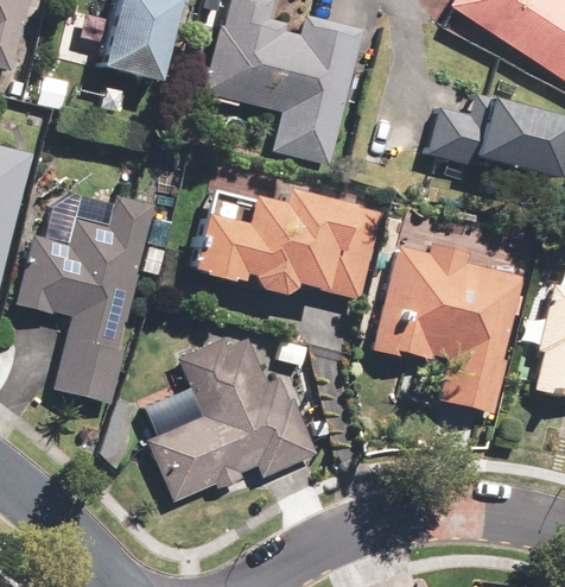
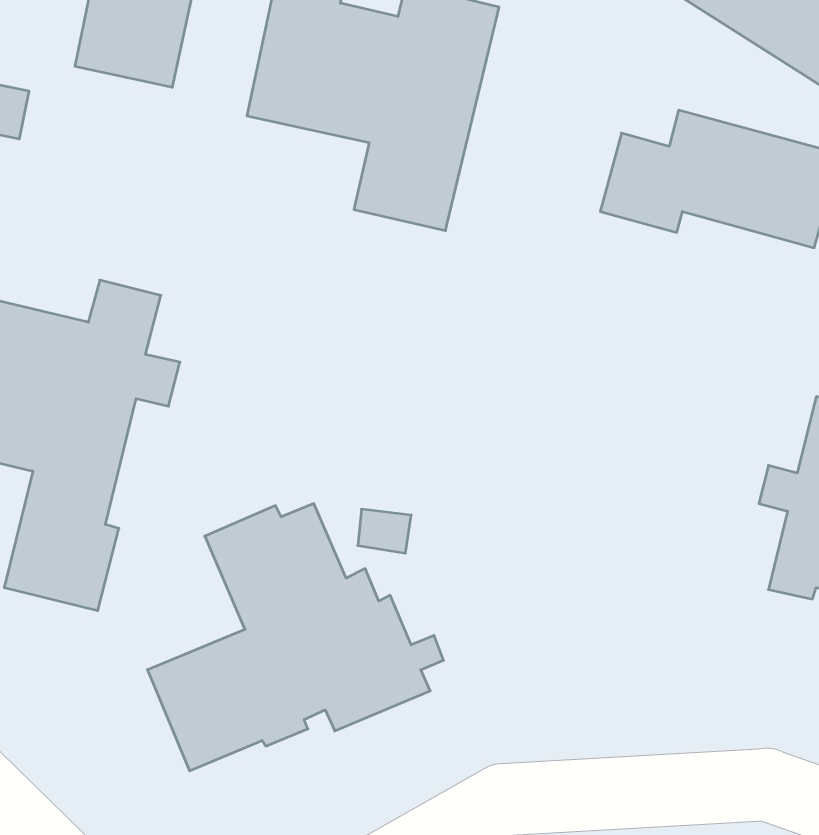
building: [196,188,381,301] -> none
building: [375,238,521,410] -> none

